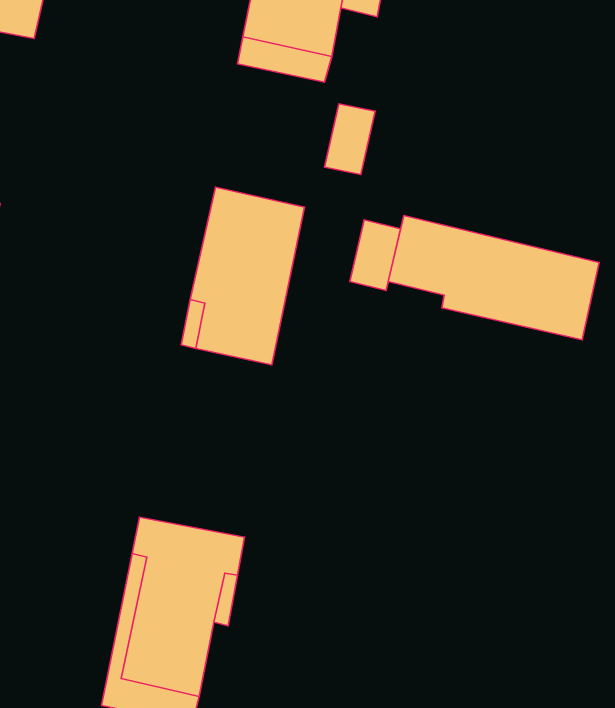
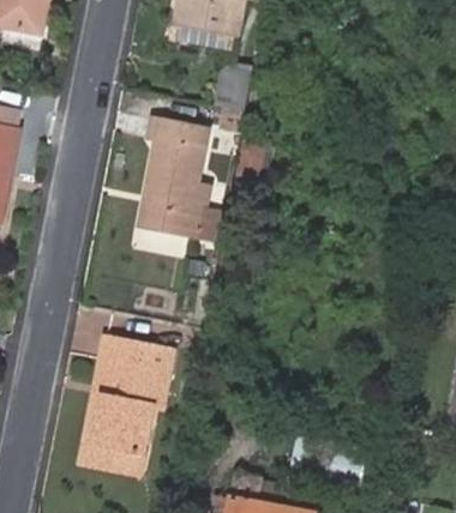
building: [388,216,599,340] -> none

